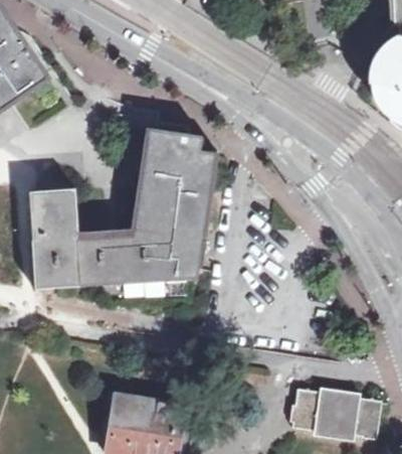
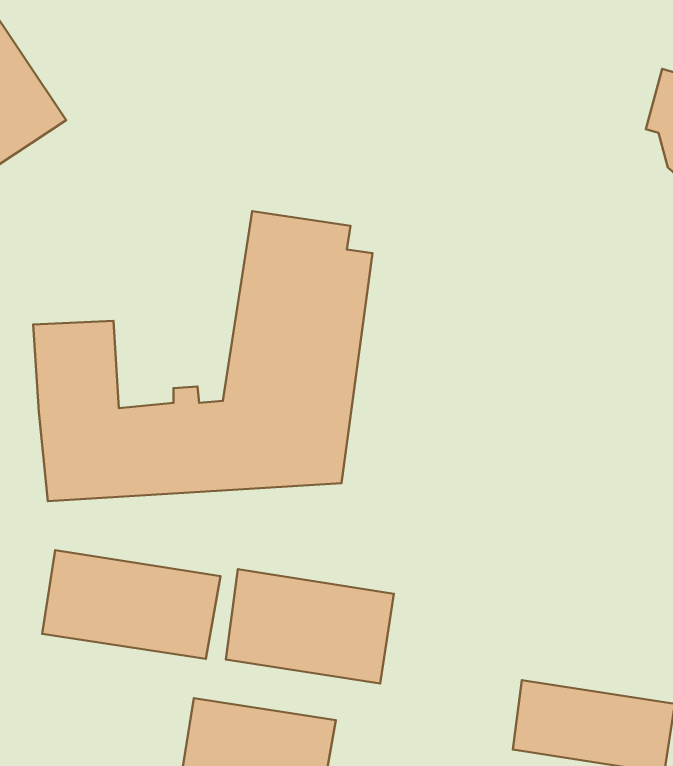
building: none -> [42,550,221,659]
building: none -> [226,569,394,684]

